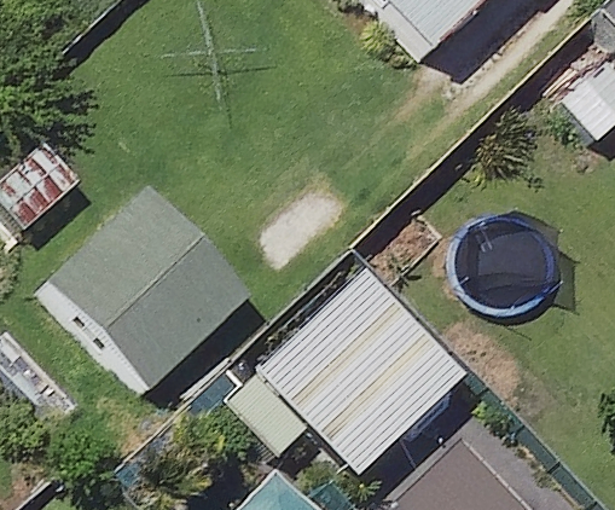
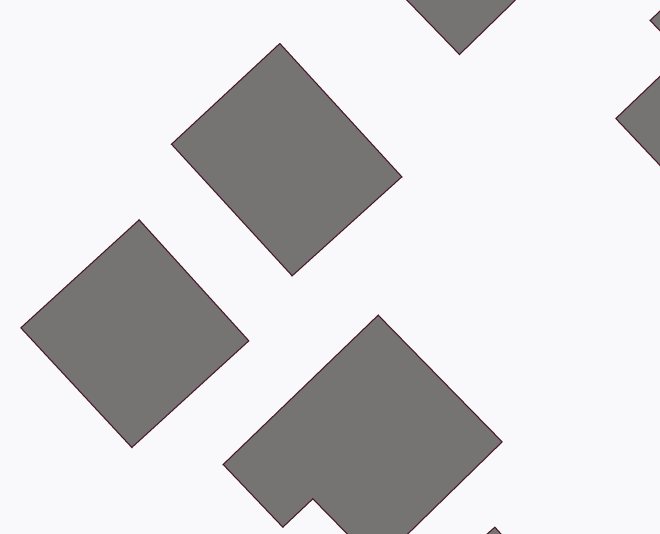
building: none -> [171,44,402,276]

